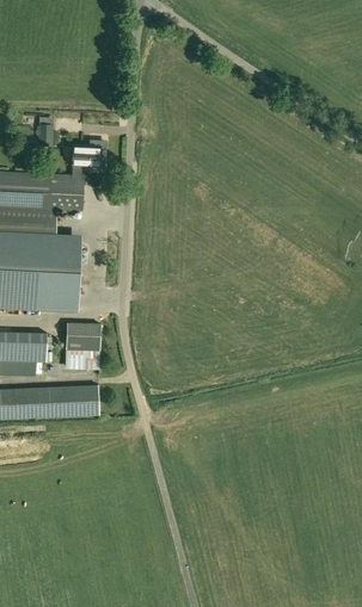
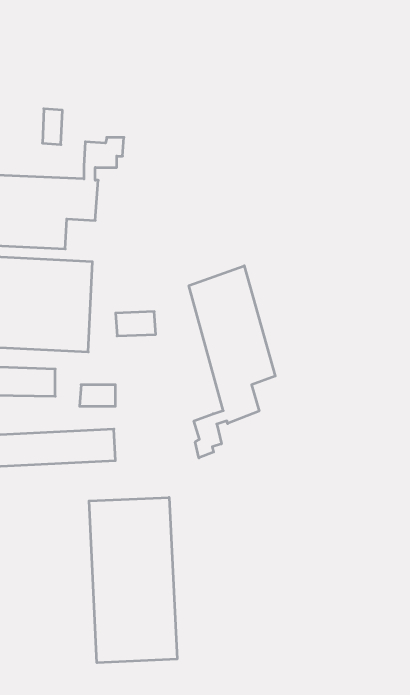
building: none -> [189,266,275,458]
building: [68,326,102,346] -> [116,312,156,336]
building: none -> [89,497,177,663]

